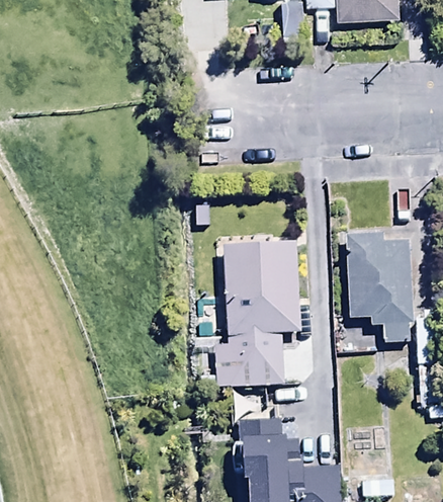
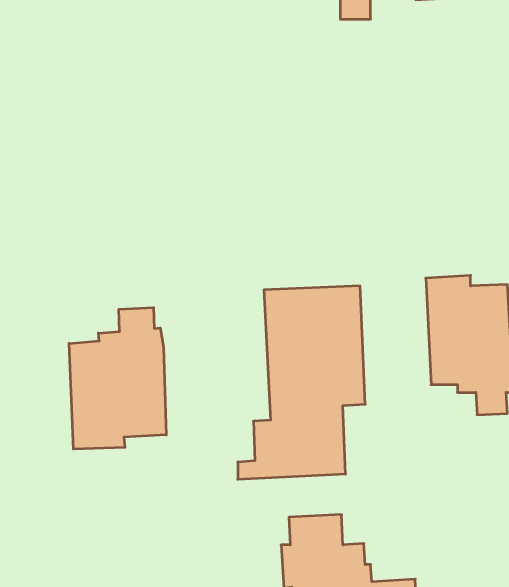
building: none -> [69,308,166,449]

